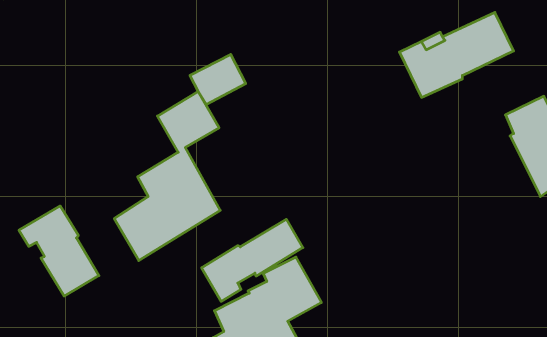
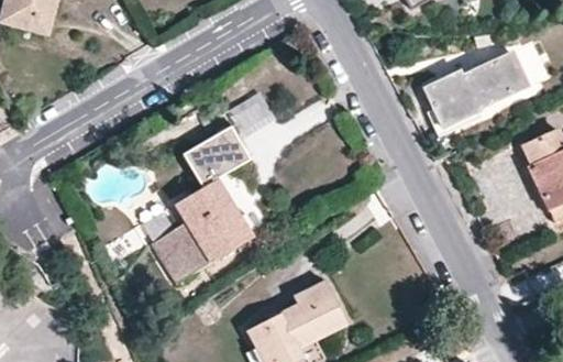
building: [19,206,99,296] -> none
building: [202,219,303,301] -> none

